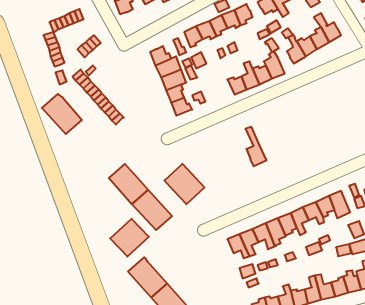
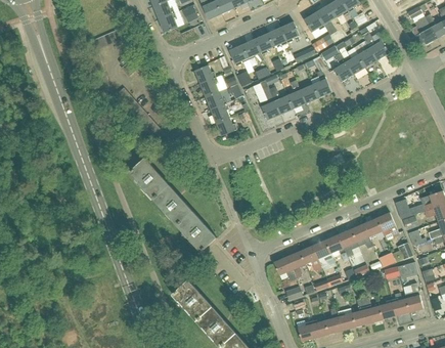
building: [42,94,82,134] -> [128,158,169,199]
building: [245,127,267,166] -> [259,80,280,120]
building: [164,164,204,204] -> none
building: [110,219,149,257] -> none

